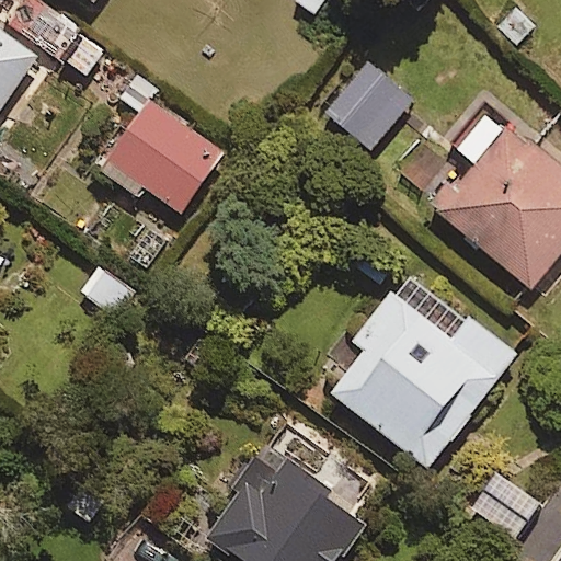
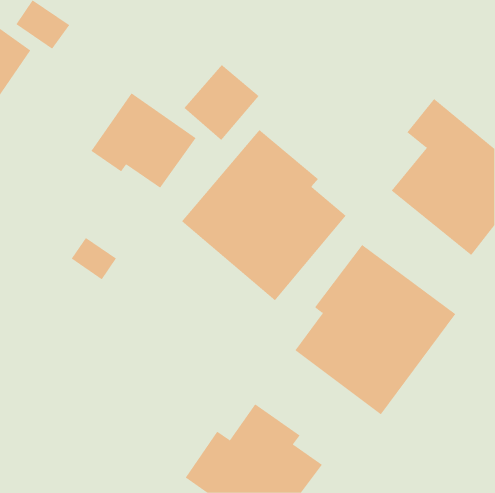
building: [327,64,412,150] -> [184,64,259,141]
building: none -> [181,129,346,301]

